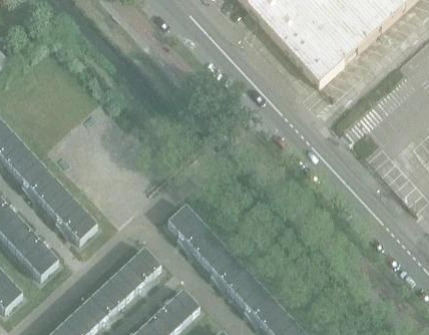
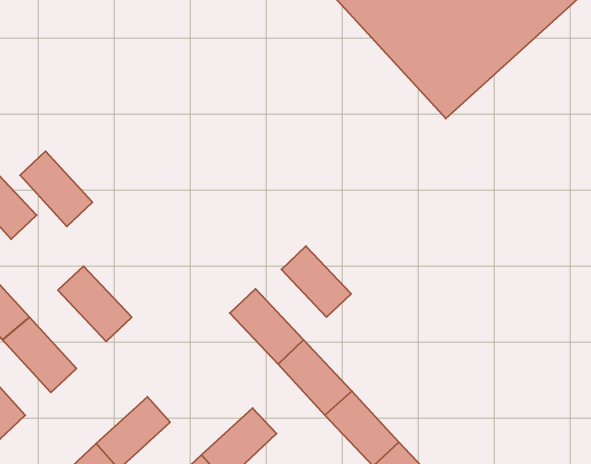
building: [12,152,63,206] -> [20,151,92,226]
building: none -> [281,246,351,317]
building: [108,247,160,299] -> none

